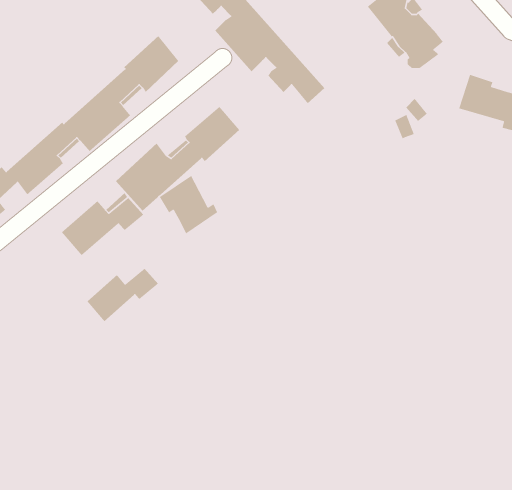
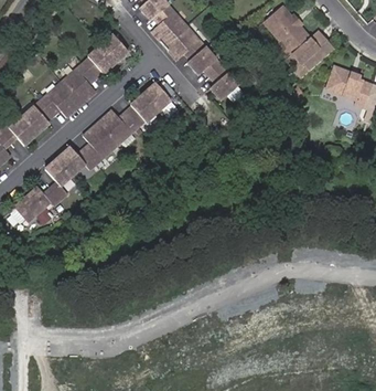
building: none -> [282,30,330,75]
building: [159,175,218,234] -> none
building: [87,268,159,322] -> [19,187,68,224]

